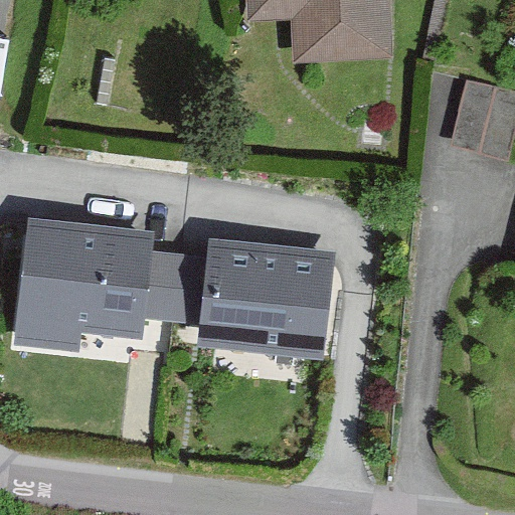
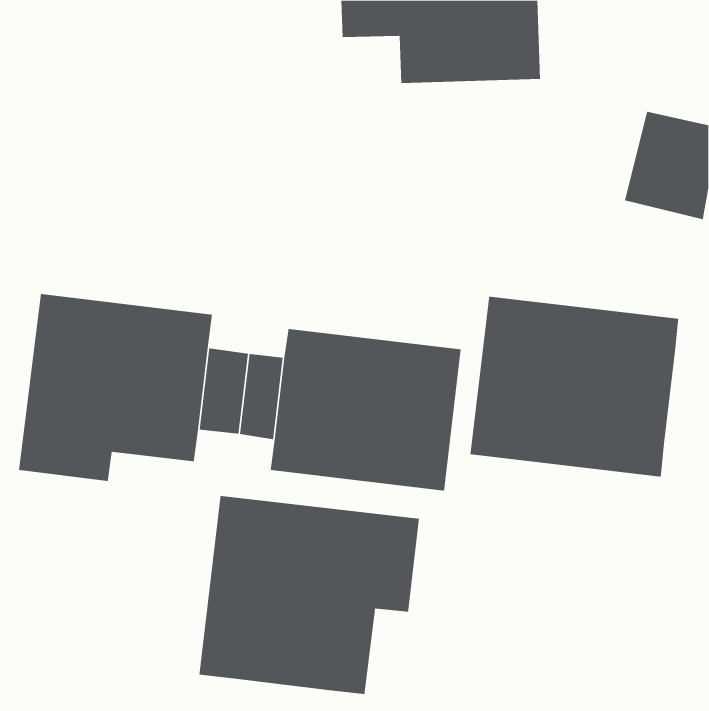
building: none -> [470,296,679,478]
building: none -> [199,495,419,695]

